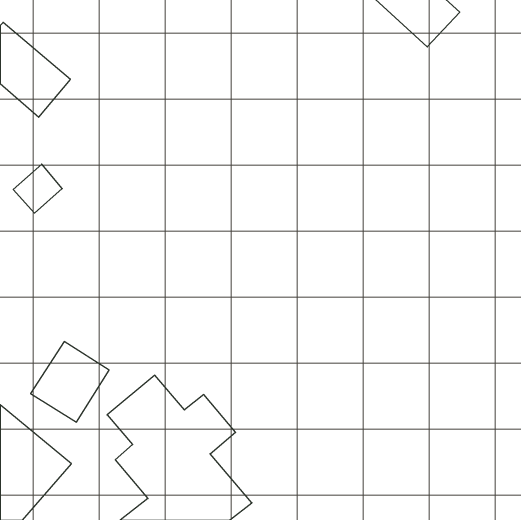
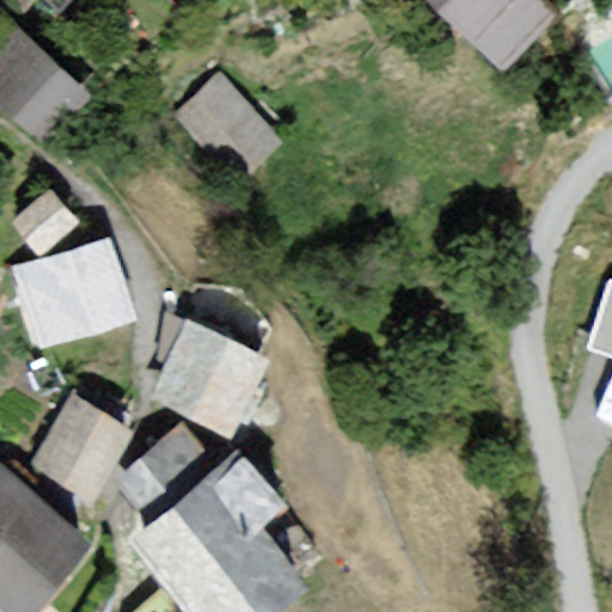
building: none -> [180,79,288,186]
building: none -> [18,244,128,342]
building: none -> [160,328,259,423]

